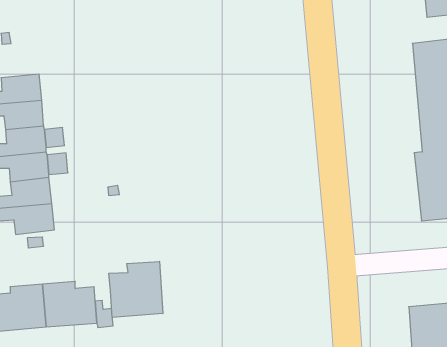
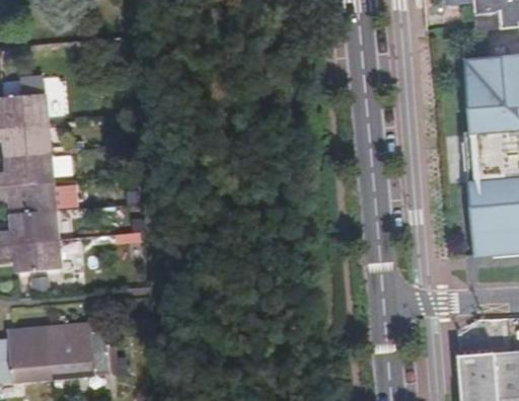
building: [109,261,163,318] -> none

